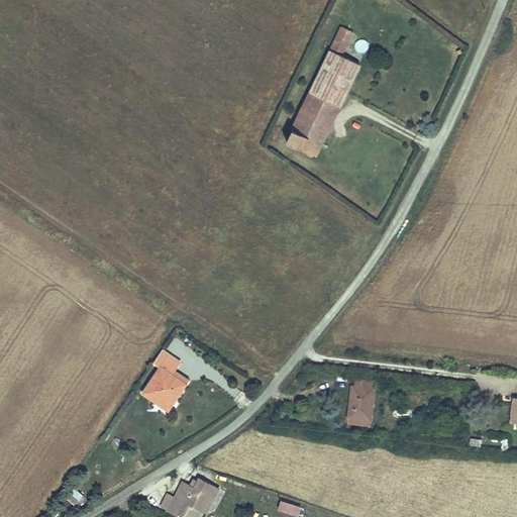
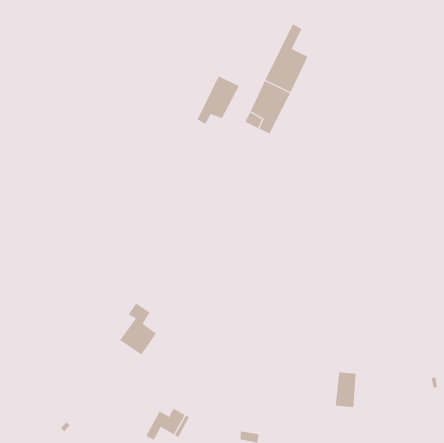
building: none -> [197,76,239,125]
building: [349,380,375,421] -> [335,372,357,407]

